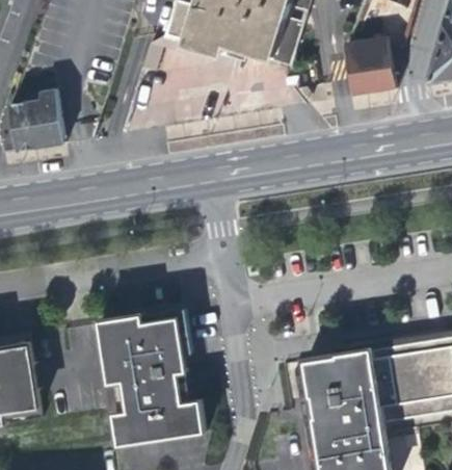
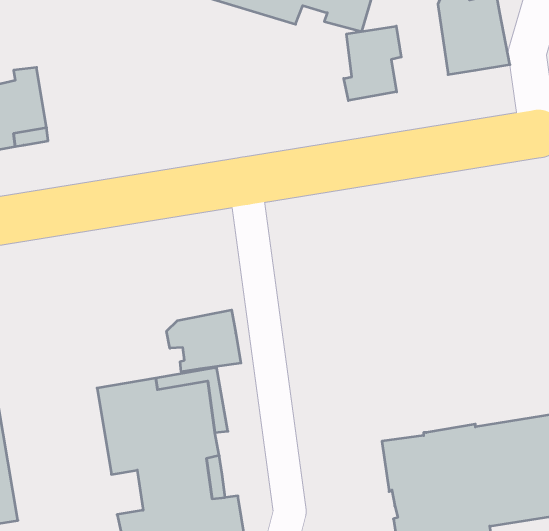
building: none -> [344,26,401,101]
building: none -> [167,310,241,372]

